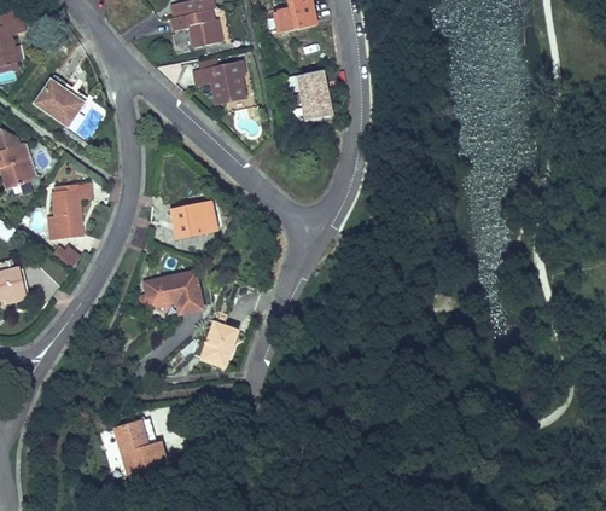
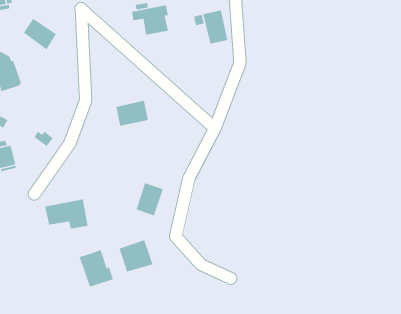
building: [45,181,92,239] -> none
building: [140,269,204,314] -> [44,199,89,230]
building: none -> [119,239,153,273]

